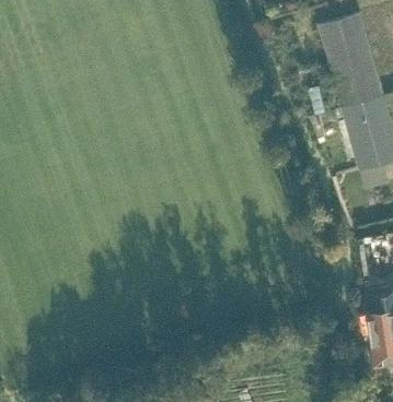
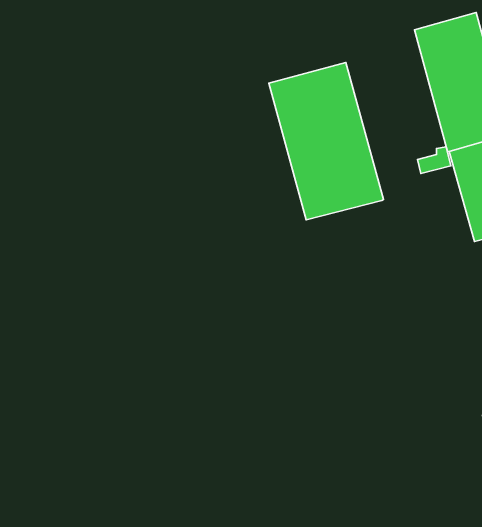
building: none -> [269,63,383,220]

